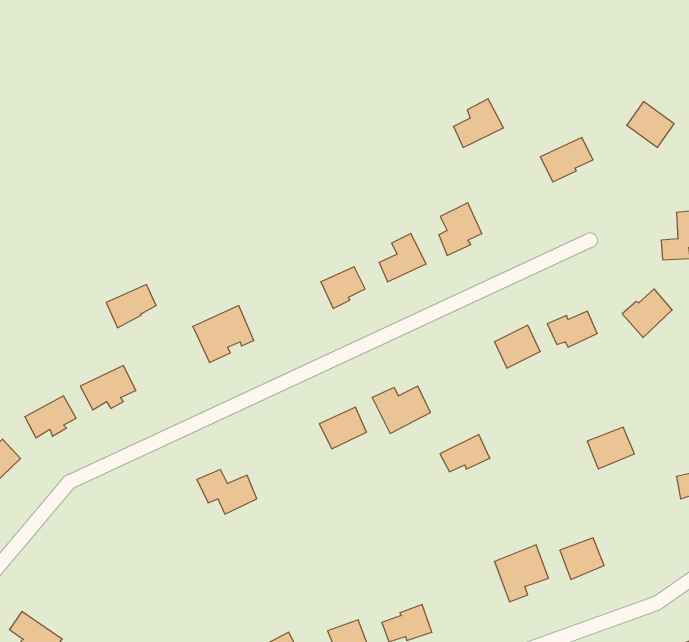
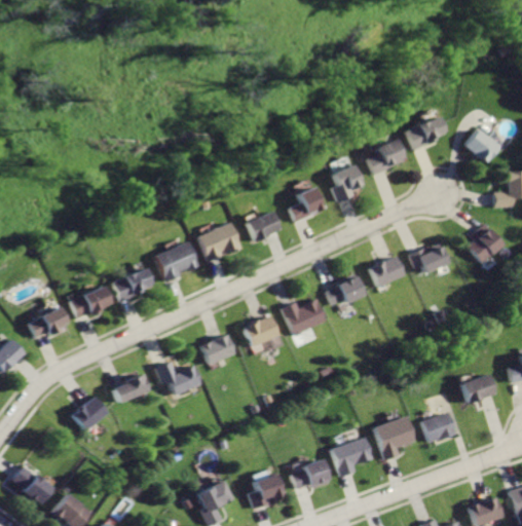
building: [453,99,503,147] -> [370,139,407,175]
building: [627,102,674,147] -> [467,129,501,163]
building: none -> [194,221,240,261]
building: [106,285,156,328] -> [113,269,150,301]
building: [587,427,634,469] -> [461,374,496,405]
building: none -> [201,334,236,365]
building: [440,434,490,472] -> [330,277,367,305]
building: none -> [114,373,149,404]
building: none -> [73,397,108,430]
building: none -> [331,439,371,476]

